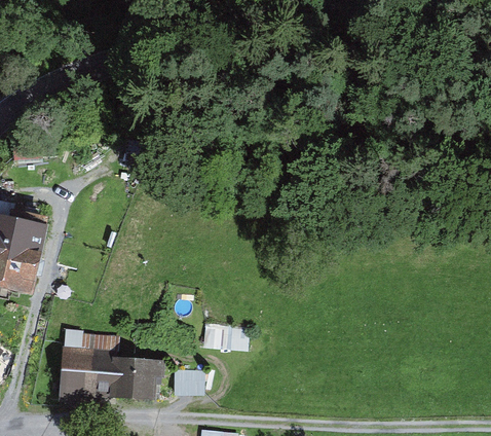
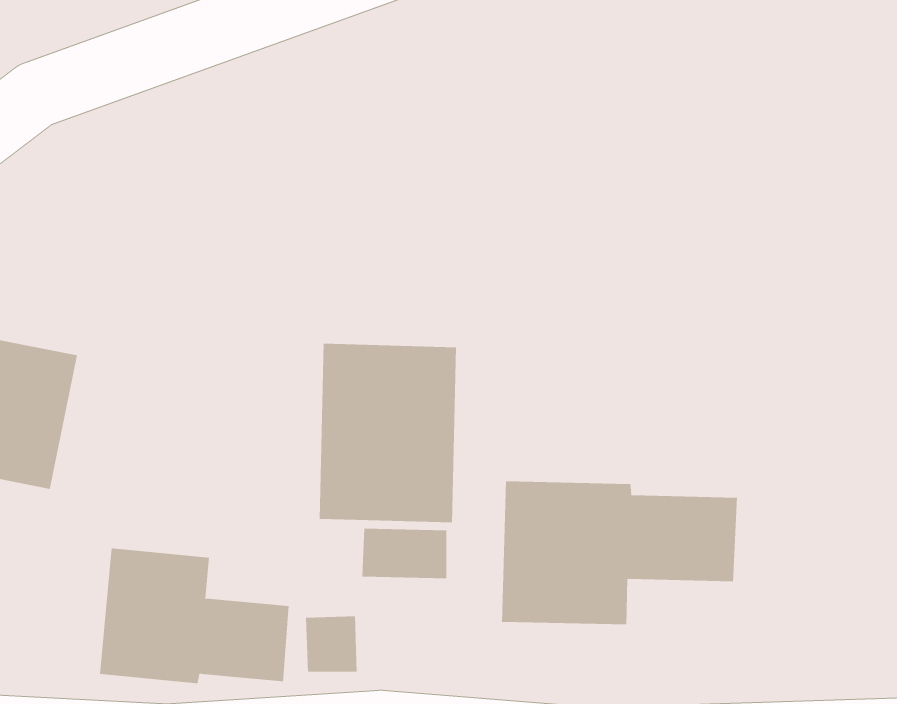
building: none -> [319,343,456,523]
building: none -> [501,481,737,625]

